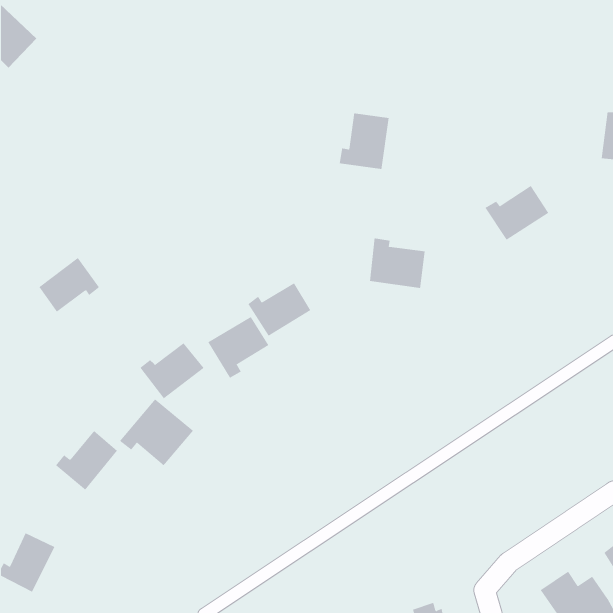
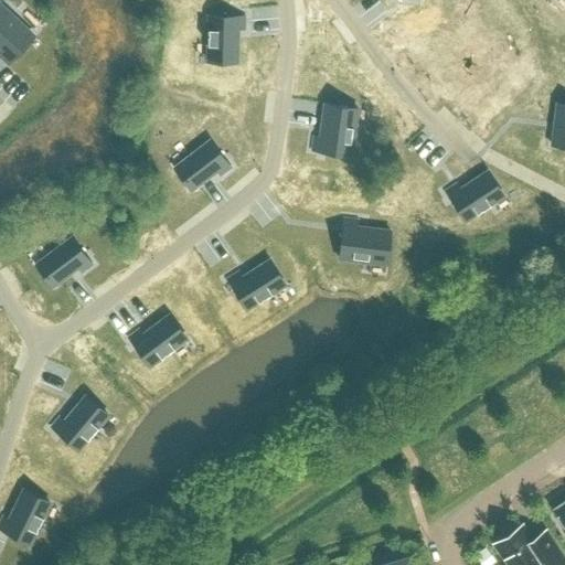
building: none -> [209,17,246,64]
building: none -> [174,141,232,191]
building: [207,316,269,379] -> none
building: [119,398,194,466] -> none

